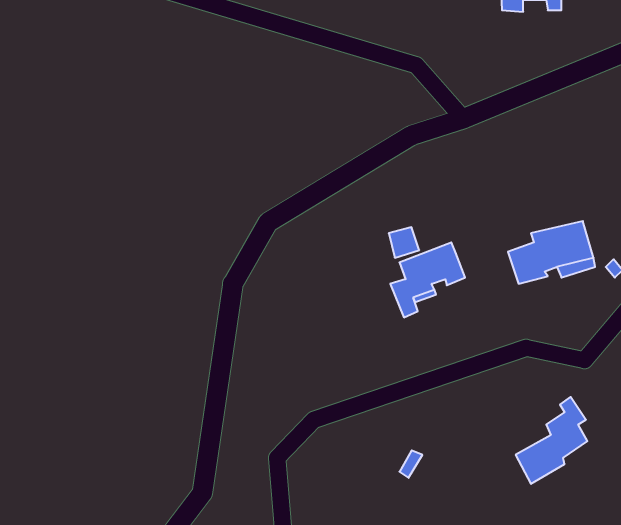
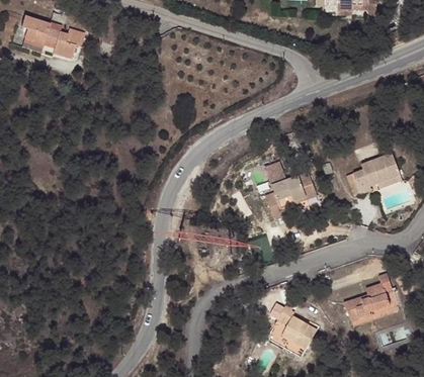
building: none -> [20,15,84,59]
building: none -> [276,317,310,347]

